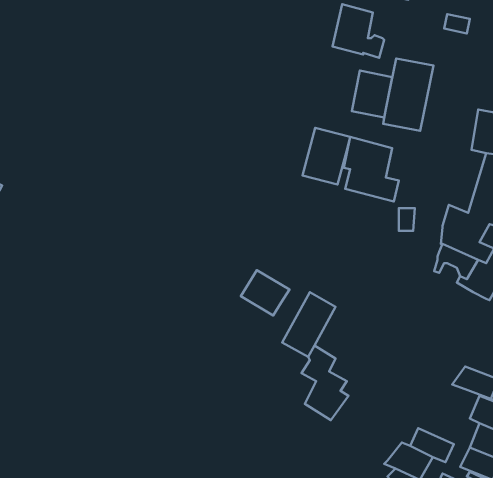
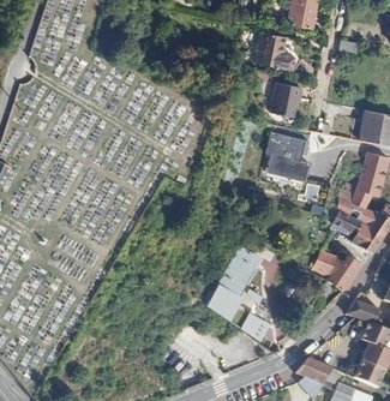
building: [383,58,433,131] -> none
building: [303,128,350,185] -> none
building: [241,270,289,315] -> [204,282,240,316]
building: none -> [313,250,362,292]

